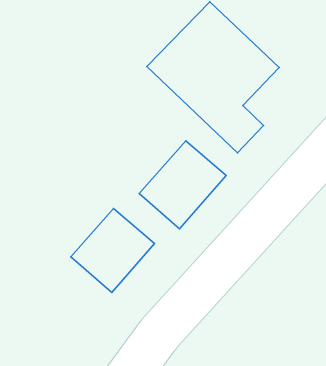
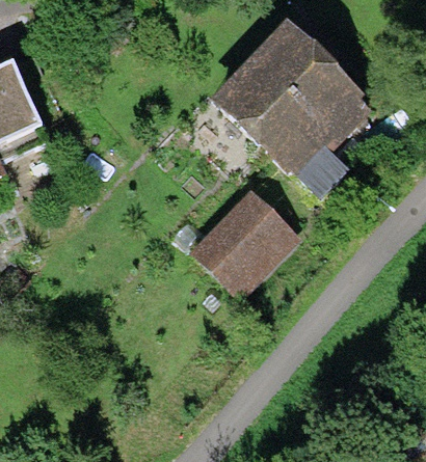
building: [71,209,155,293] -> none

